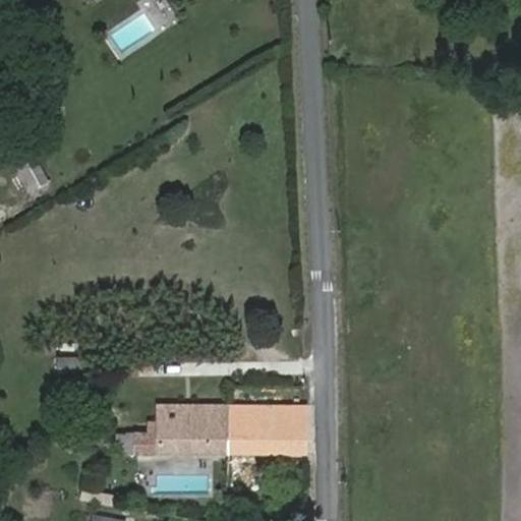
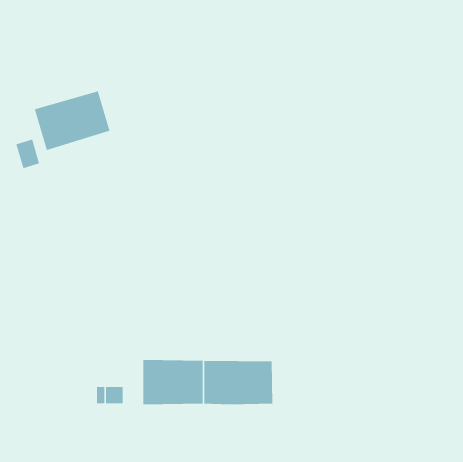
building: none -> [34,91,110,151]

